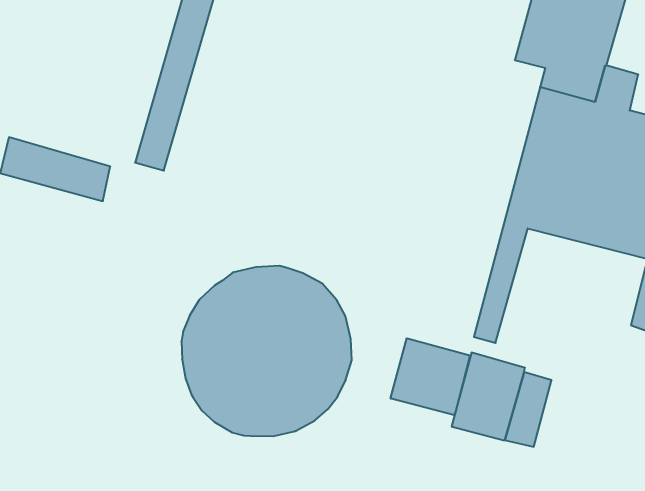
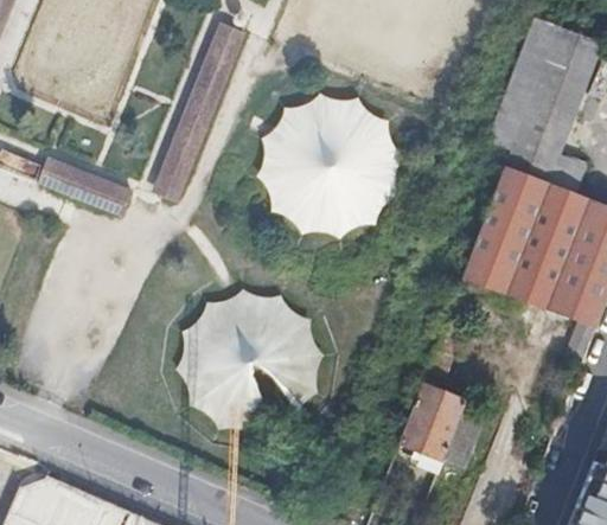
building: none -> [256,90,403,237]
building: [391,338,470,415] -> none

